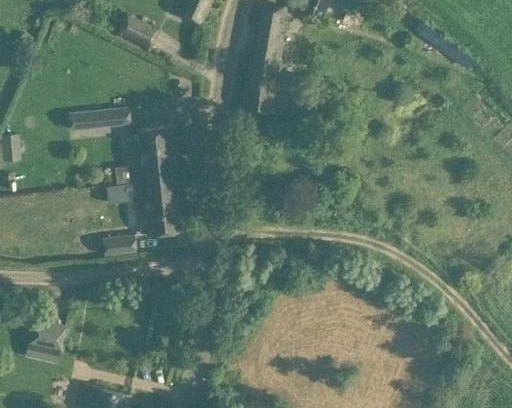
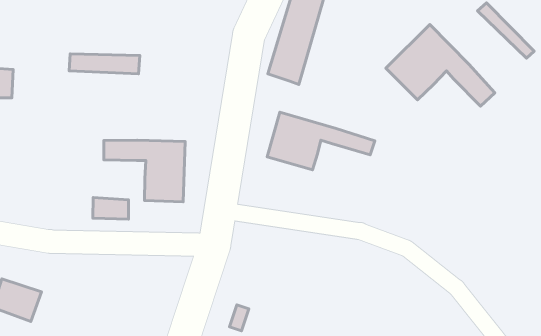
building: none -> [386,25,495,106]
building: [136,126,179,183] -> none
building: none -> [267,112,375,170]

